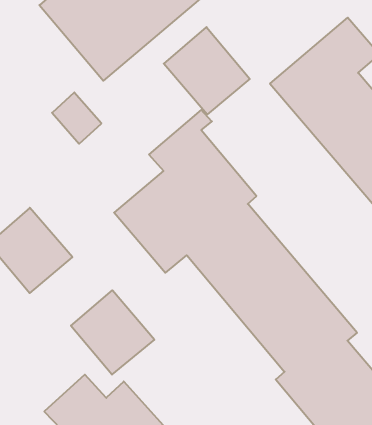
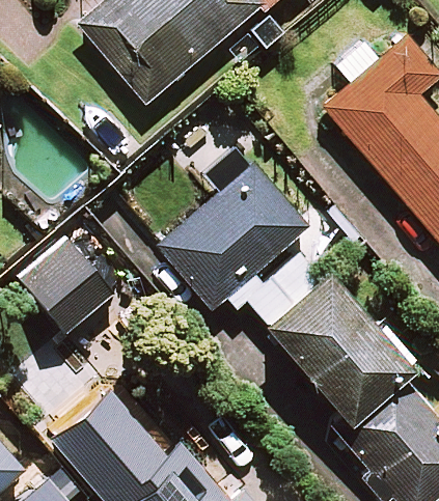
building: [164,27,250,115] -> none
building: [71,290,154,375] -> none

